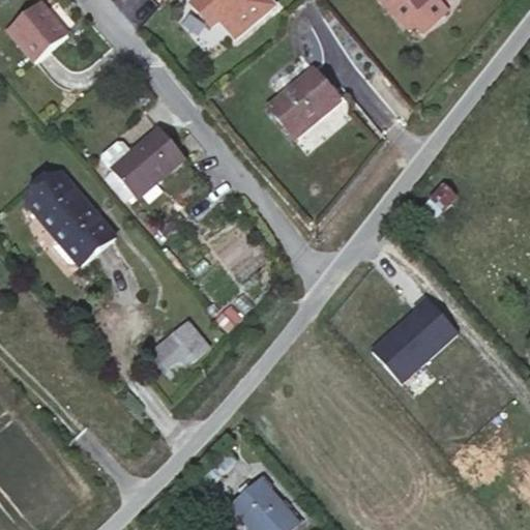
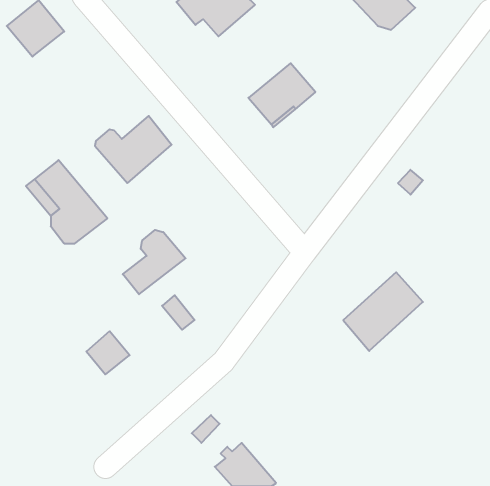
building: none -> [123,230,186,294]
building: [150,330,197,377] -> [86,331,130,374]

